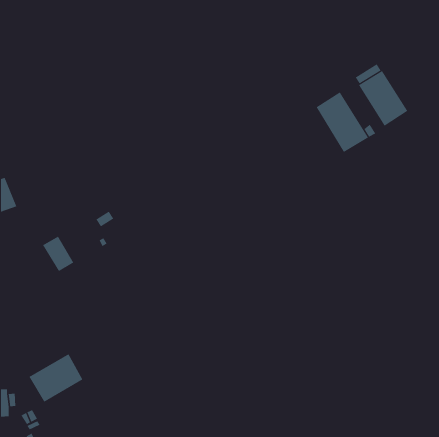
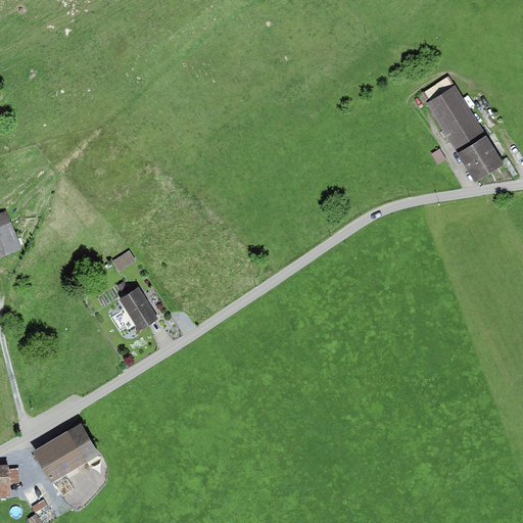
building: [316,92,369,153] -> none
building: none -> [457,135,504,181]
building: [42,236,74,272] -> [120,288,157,331]

